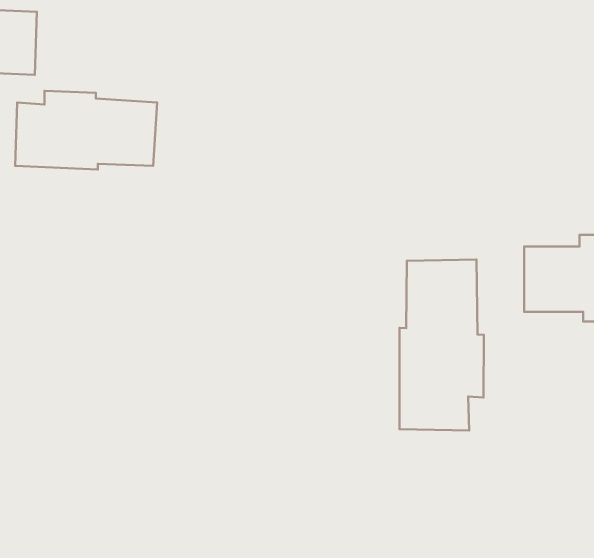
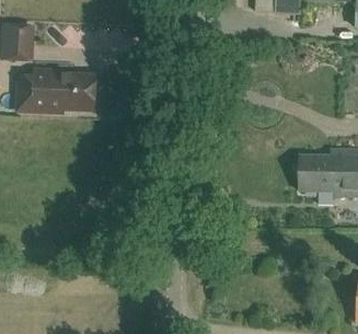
building: [400,260,484,430] -> none

